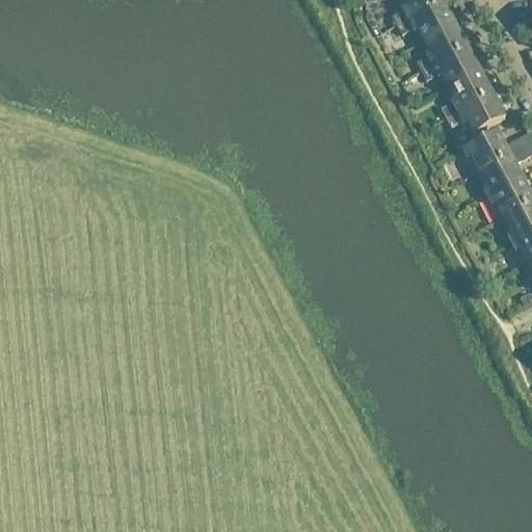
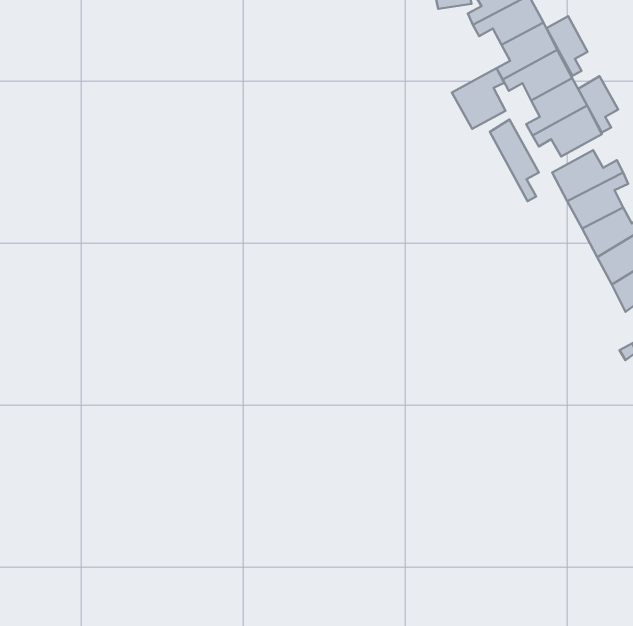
building: none -> [546,16,588,76]
building: none -> [452,68,506,129]
building: none -> [578,76,618,133]
building: none -> [490,119,539,201]

